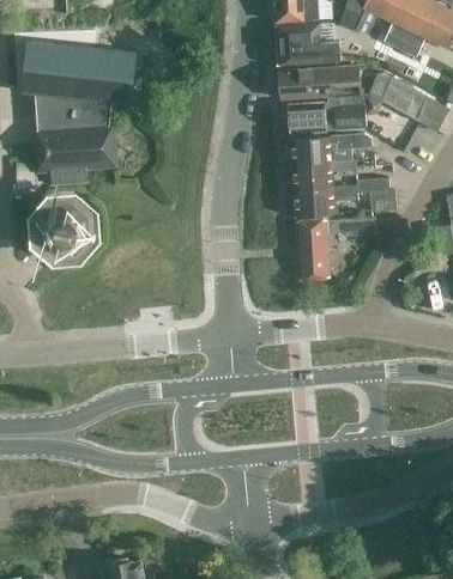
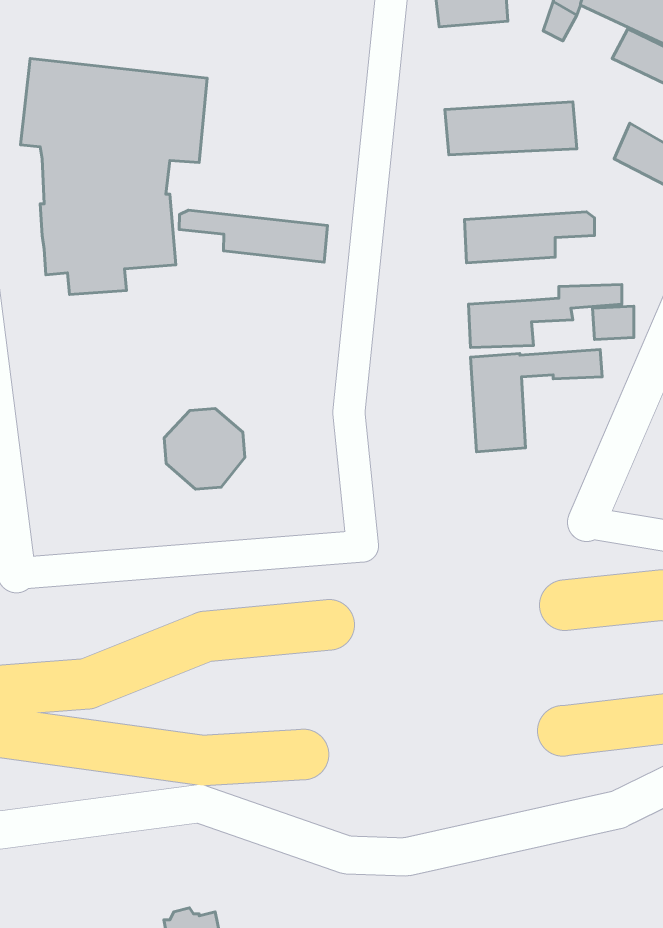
building: [276,25,340,65] -> none
building: [288,96,364,133] -> none
building: none -> [179,210,327,262]
building: [292,160,355,190] -> none
building: [40,203,89,252] -> [164,408,245,489]

